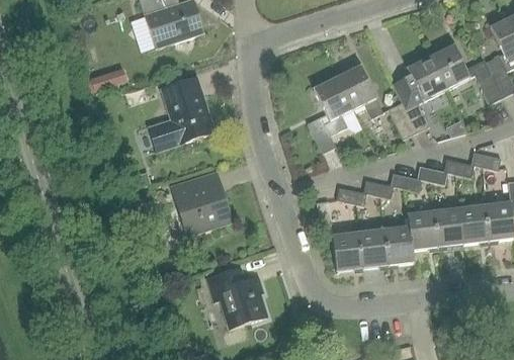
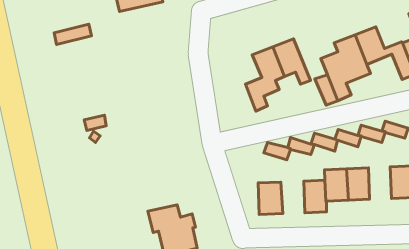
building: [149,78,216,151] -> none
building: [171,173,231,235] -> none
building: [458,205,488,245] -> none
building: [358,230,389,269] -> none

